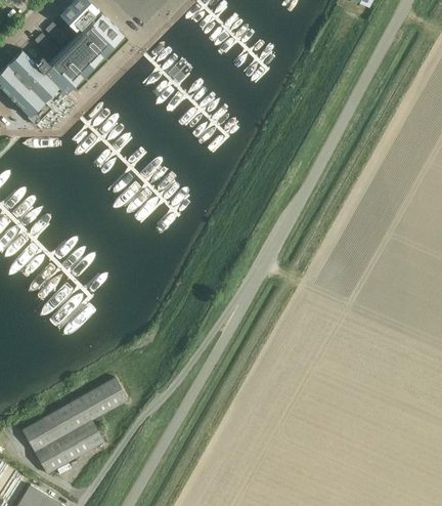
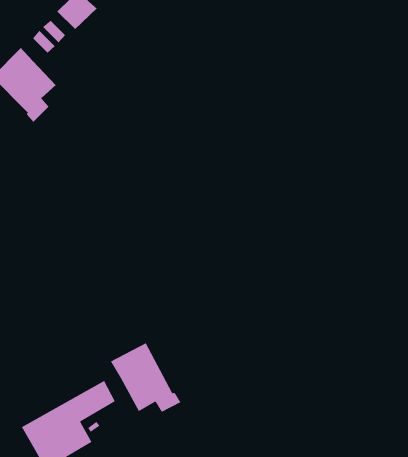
building: [35,12,124,93] -> none
building: none -> [110,342,182,413]

